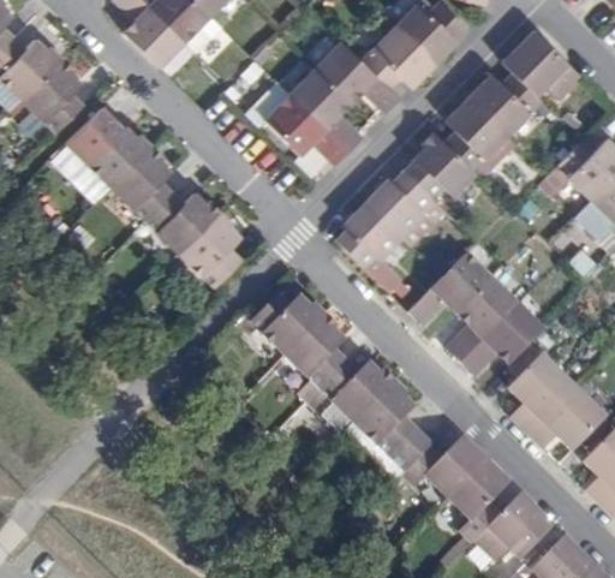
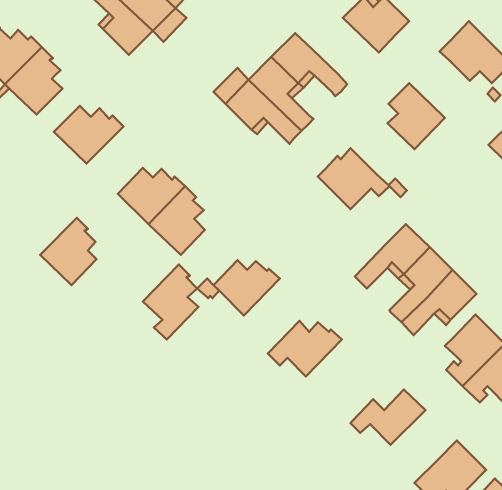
building: [362,25,435,88] -> none
building: [468,72,551,135] -> none
building: [404,132,476,198] -> none
building: [112,145,174,220] -> [40,218,97,285]
building: [336,201,404,293] -> none
building: [286,314,347,397] -> [143,264,198,339]
building: [354,381,432,471] -> none
building: [448,459,509,542] -> none

